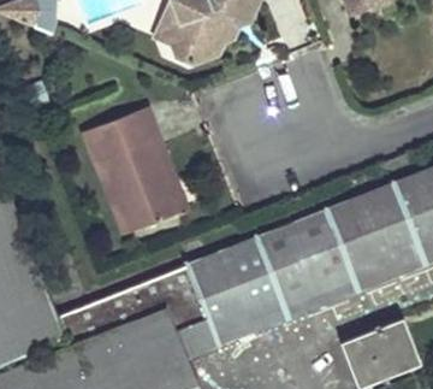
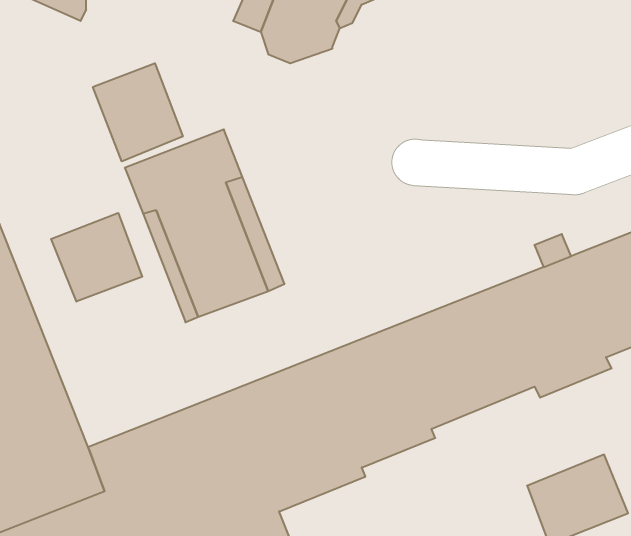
building: none -> [93,63,183,161]
building: none -> [51,213,142,302]

